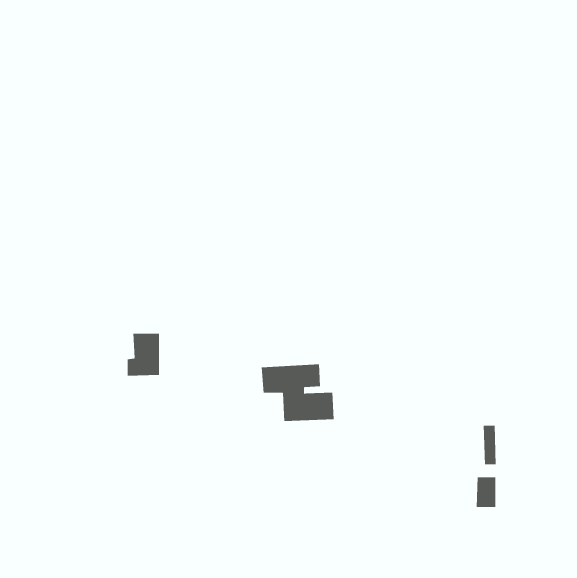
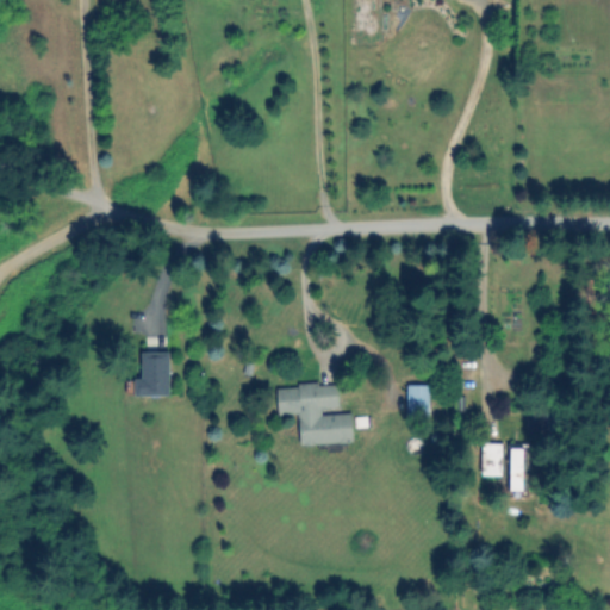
building: none -> [406,385,430,416]
building: [476,477,496,508] -> [481,443,503,475]

